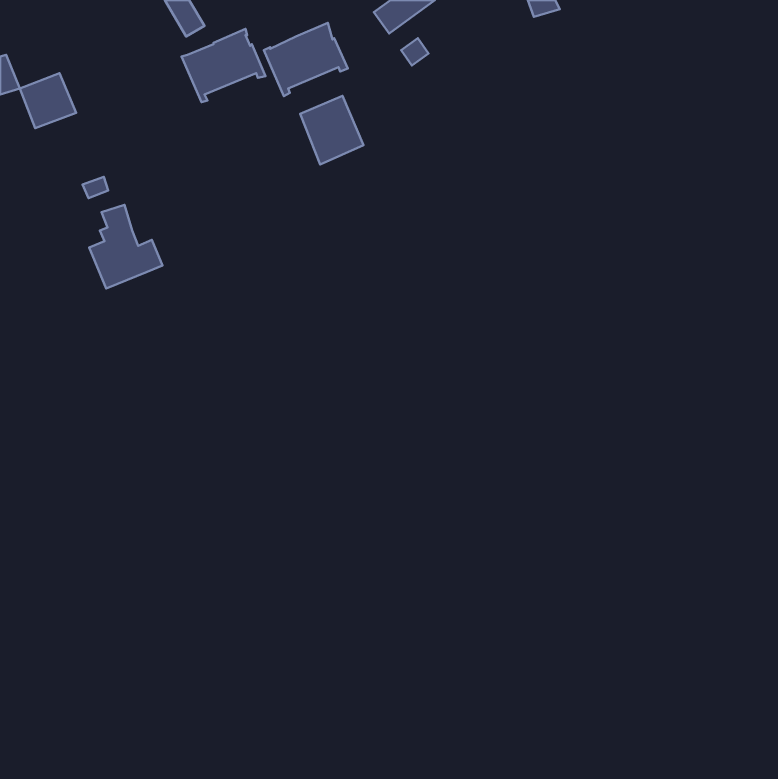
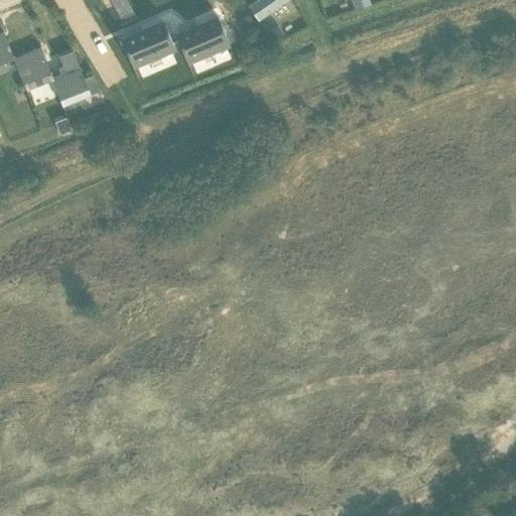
building: [300,96,364,165] -> none
building: [89,205,163,289] -> [51,51,100,107]

